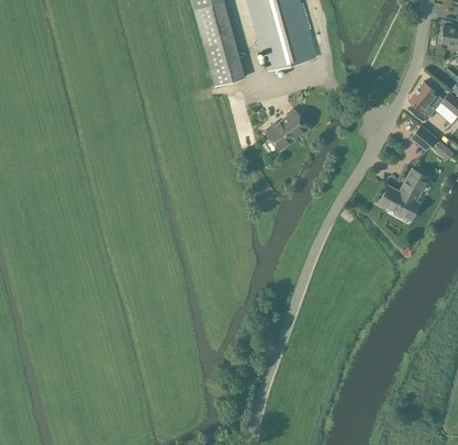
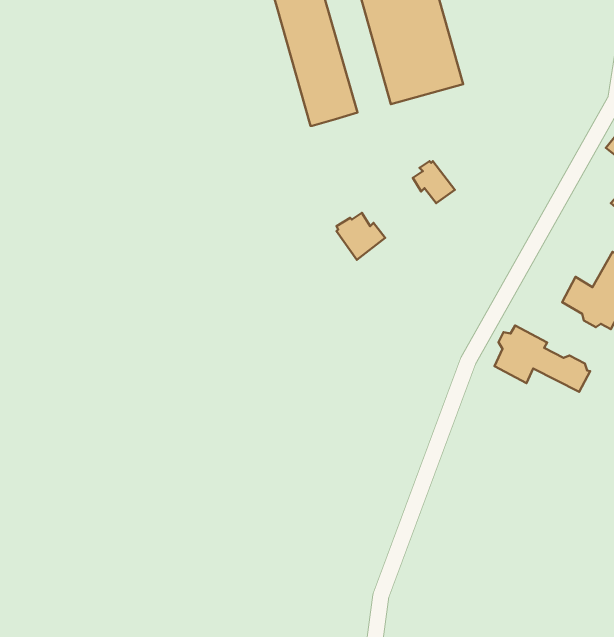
building: [266,120,298,151] -> [337,213,385,260]
building: none -> [495,325,590,392]

